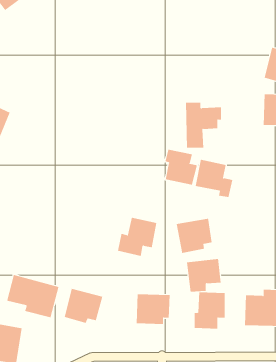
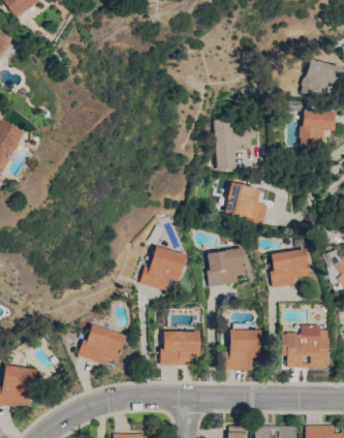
building: [165,149,198,186] -> none
building: [186,259,222,292] -> [270,249,309,286]
building: [7,274,59,318] -> none

